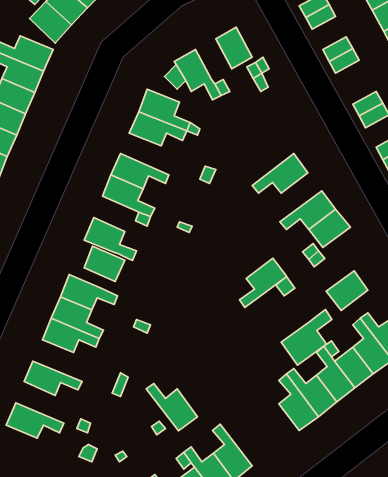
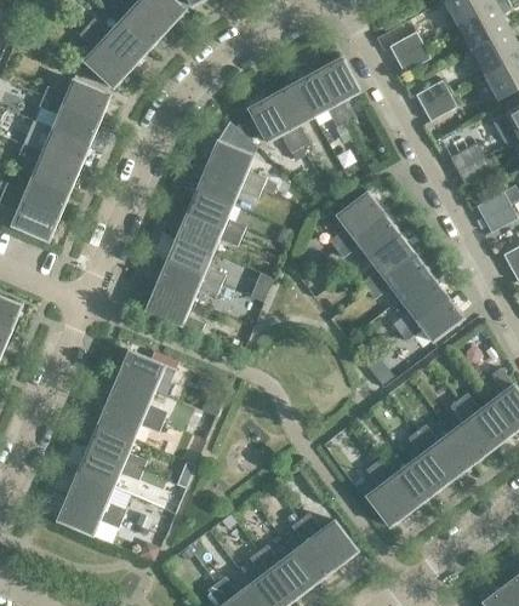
building: none -> [318,57,360,103]
building: none -> [272,82,313,128]
building: none -> [187,189,246,236]
building: none -> [330,191,383,248]
building: [84,246,125,282] -> [156,261,203,301]
building: [240,258,287,307] -> [361,234,415,290]
building: [326,271,368,310] -> [416,296,463,341]
building: [281,309,332,365] -> none
building: none -> [87,423,147,470]
building: none -> [68,470,126,518]
building: [146,384,198,431] -> [300,513,358,566]

